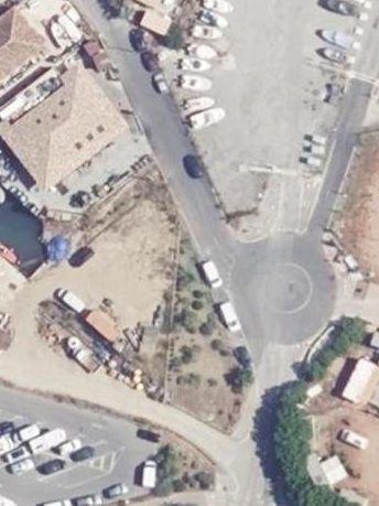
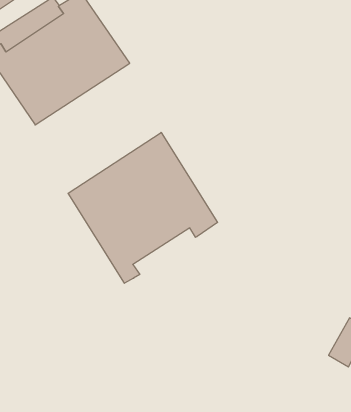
building: none -> [68,132,218,283]

